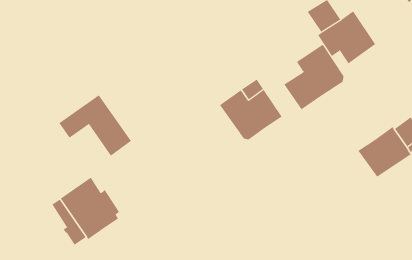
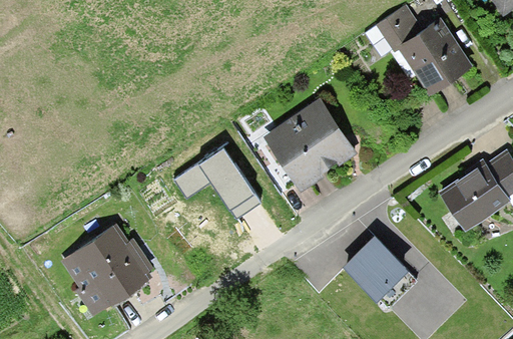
building: [284,44,344,110] -> none
building: [58,94,132,157] -> [173,143,264,220]
building: none -> [342,238,414,313]

